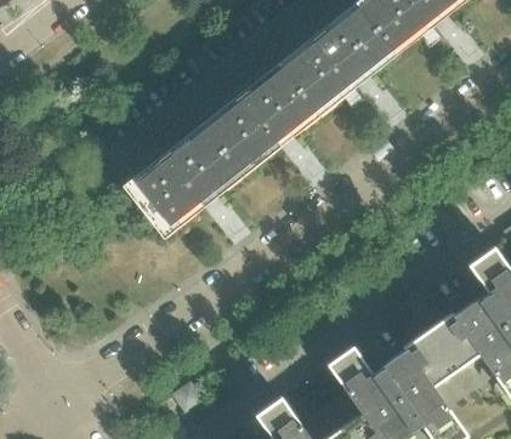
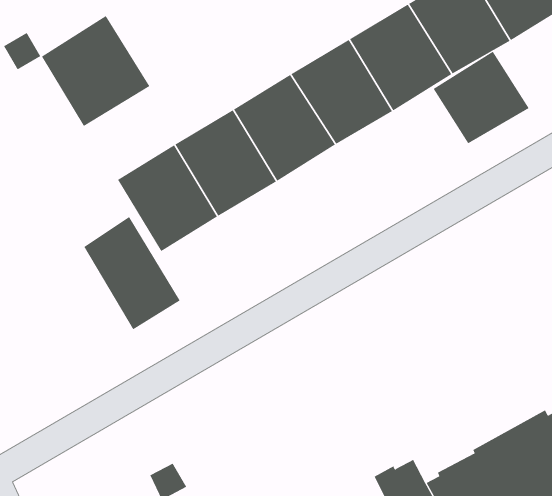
building: none -> [433,51,529,144]
building: none -> [41,15,150,127]
building: none -> [83,216,180,330]

